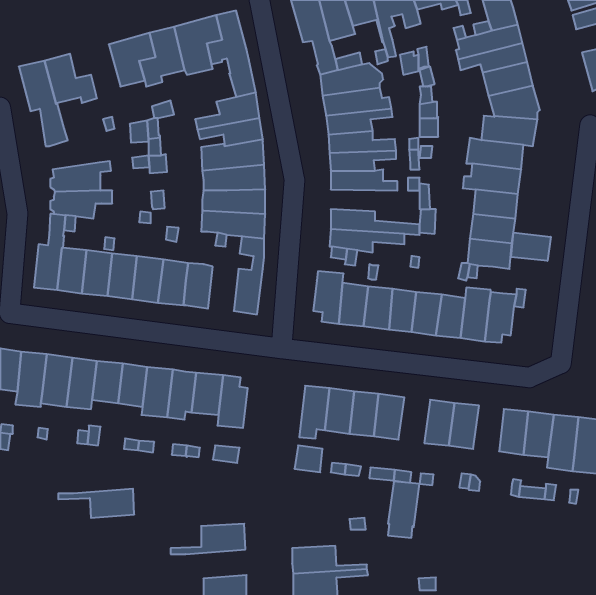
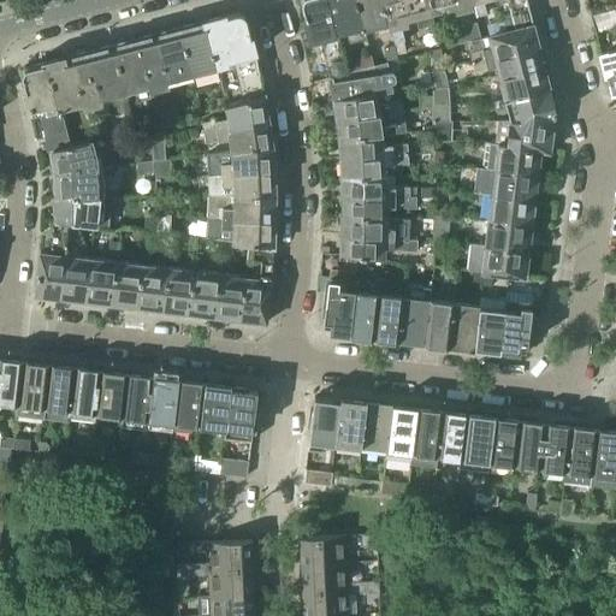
building: none -> [73,48,125,99]
building: none -> [49,142,103,177]
building: none -> [342,197,417,220]
building: [511,233,551,261] -> none
building: none -> [215,277,247,322]
building: none -> [488,420,520,467]
building: [388,482,420,538] -> [411,411,444,469]
building: [58,489,134,518] -> [177,568,255,598]
building: none -> [301,538,346,567]

